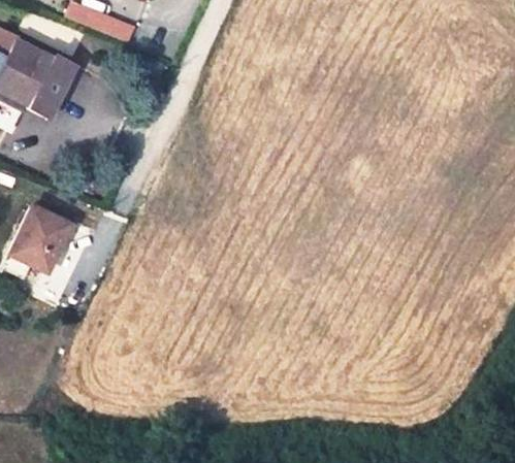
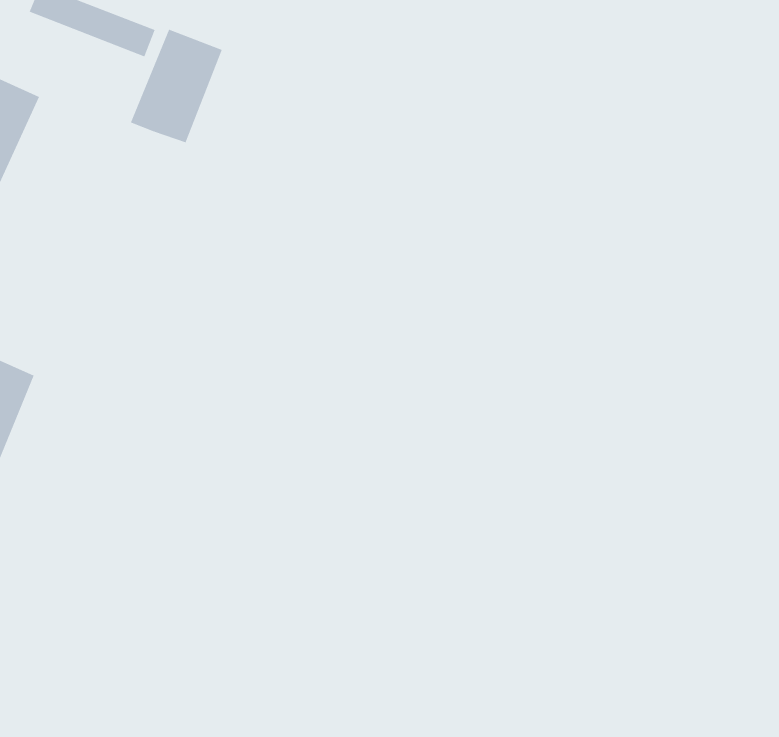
building: none -> [130,29,222,143]

